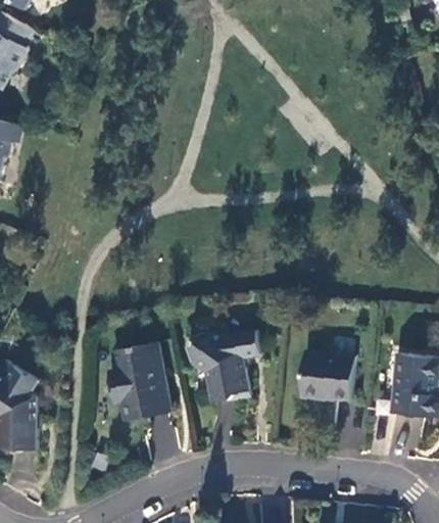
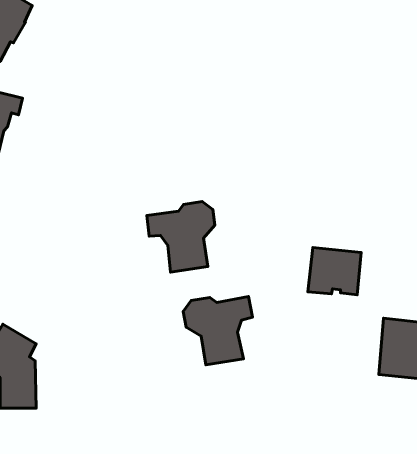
building: none -> [147,202,215,272]
building: [108,342,170,421] -> none
building: [300,351,355,400] -> [308,248,361,295]

